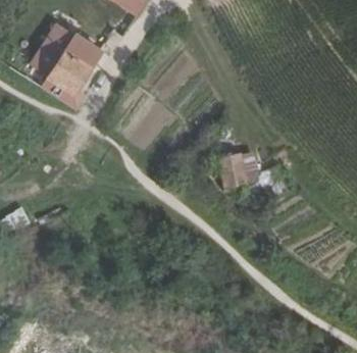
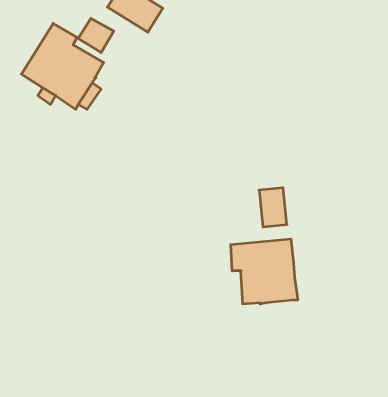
building: none -> [231,239,298,304]

